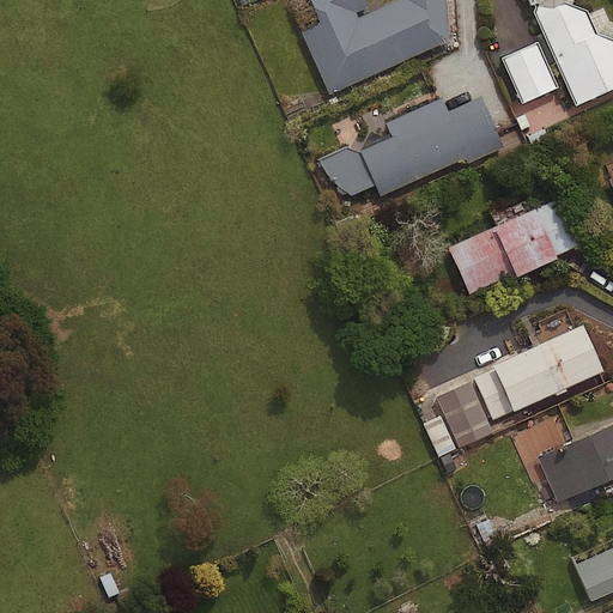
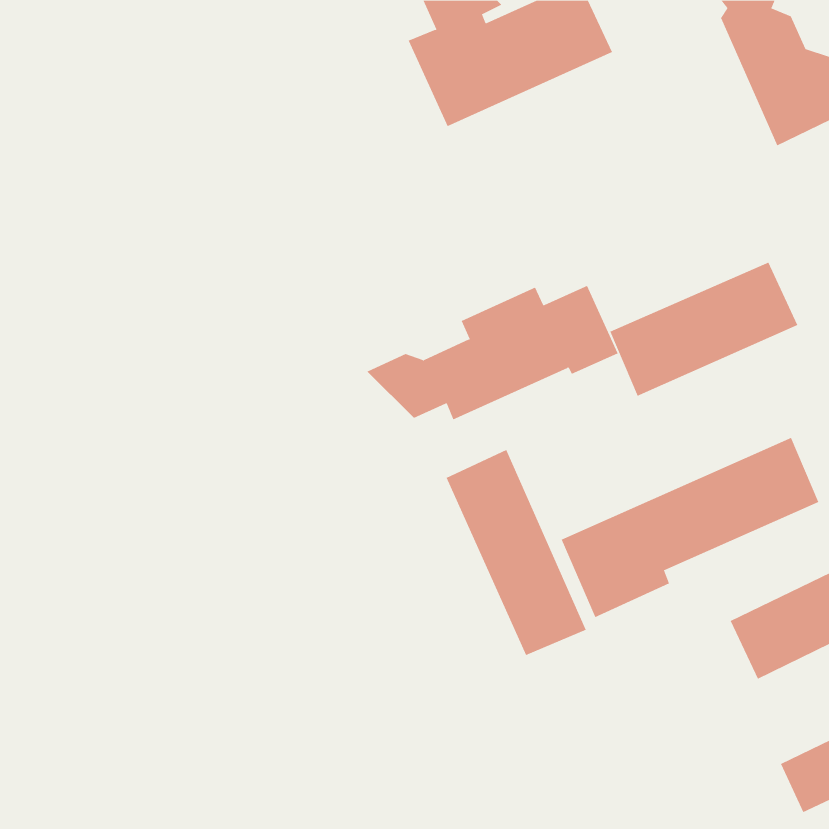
building: [500,43,554,103] -> none
building: [318,96,504,195] -> [367,285,619,420]
building: none -> [446,449,587,656]

